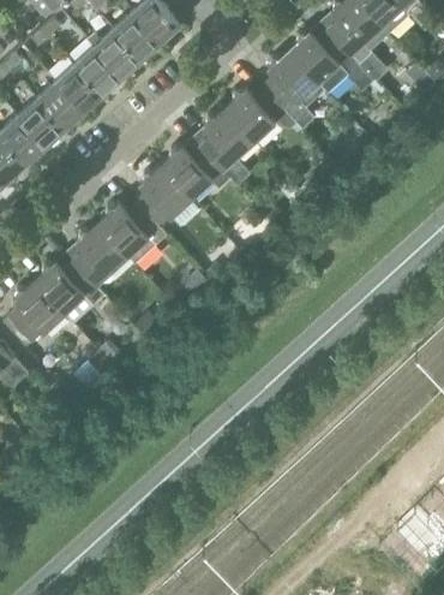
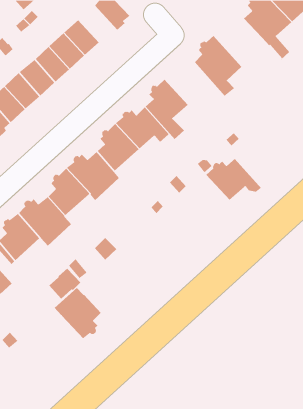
building: [113,11,163,59] -> none
building: [288,28,376,93] -> none
building: [224,84,302,139] -> [205,158,266,201]
building: none -> [54,287,101,339]

